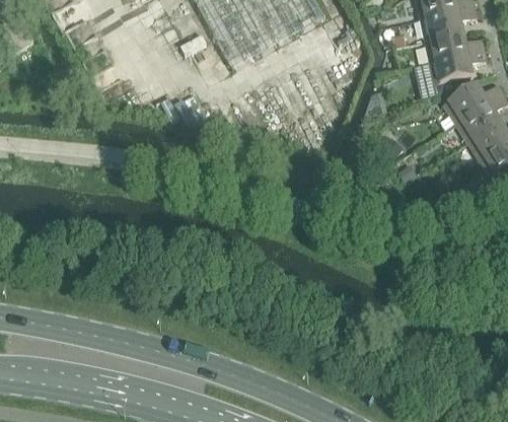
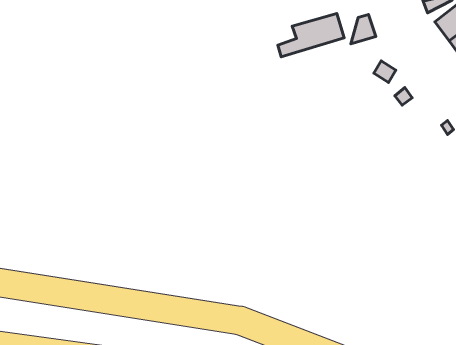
building: none -> [278,13,344,57]

